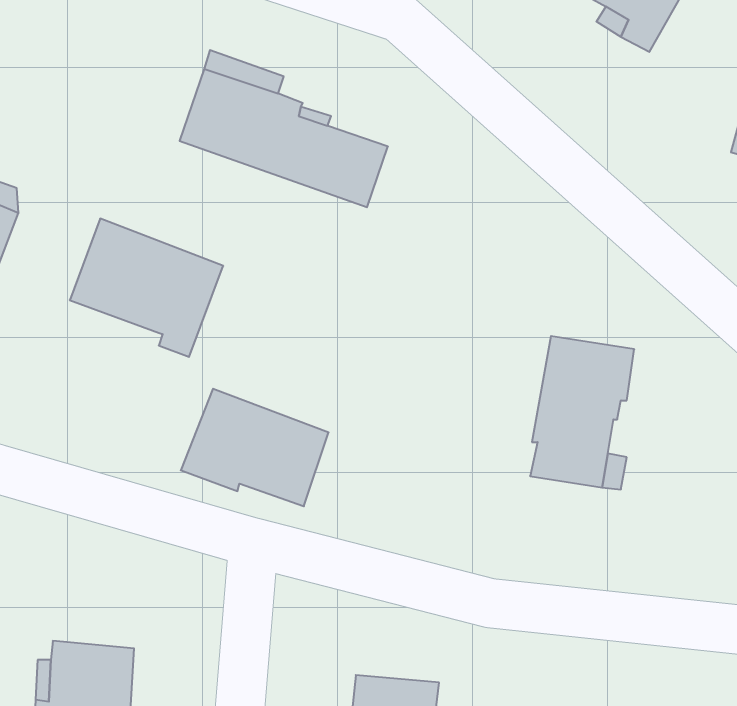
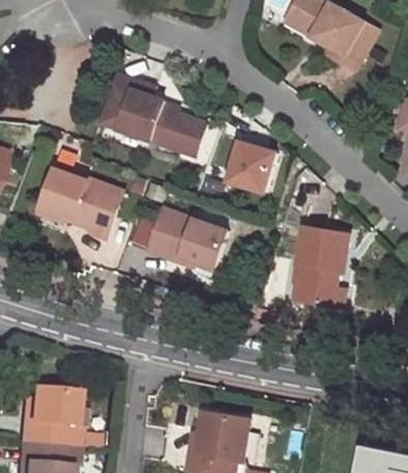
building: none -> [225,136,282,194]
building: [181,389,329,506] -> [146,206,227,270]

